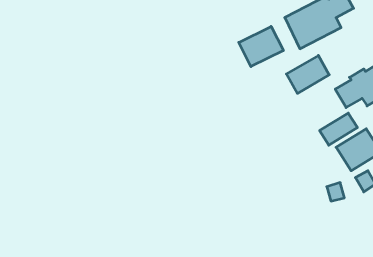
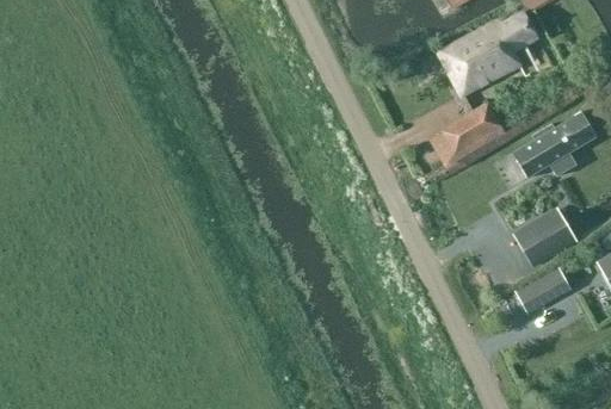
building: [239,26,283,67] -> none
building: [320,113,357,145] -> none

